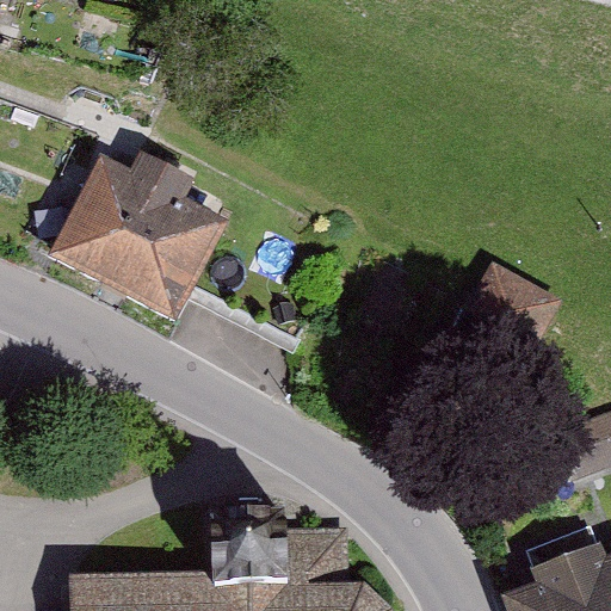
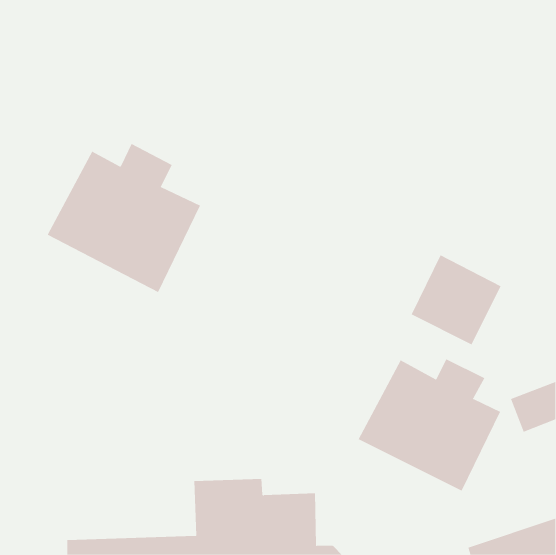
building: none -> [358,359,501,492]

